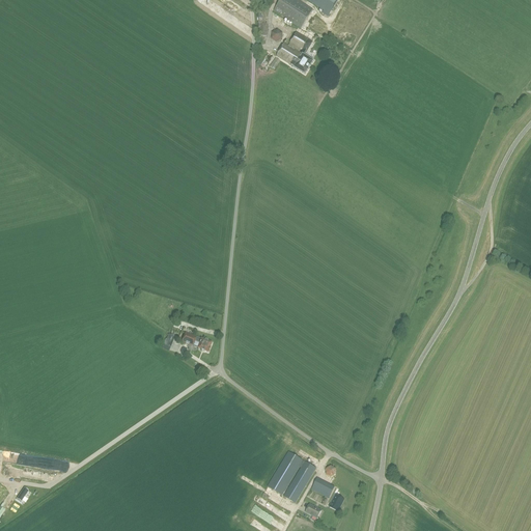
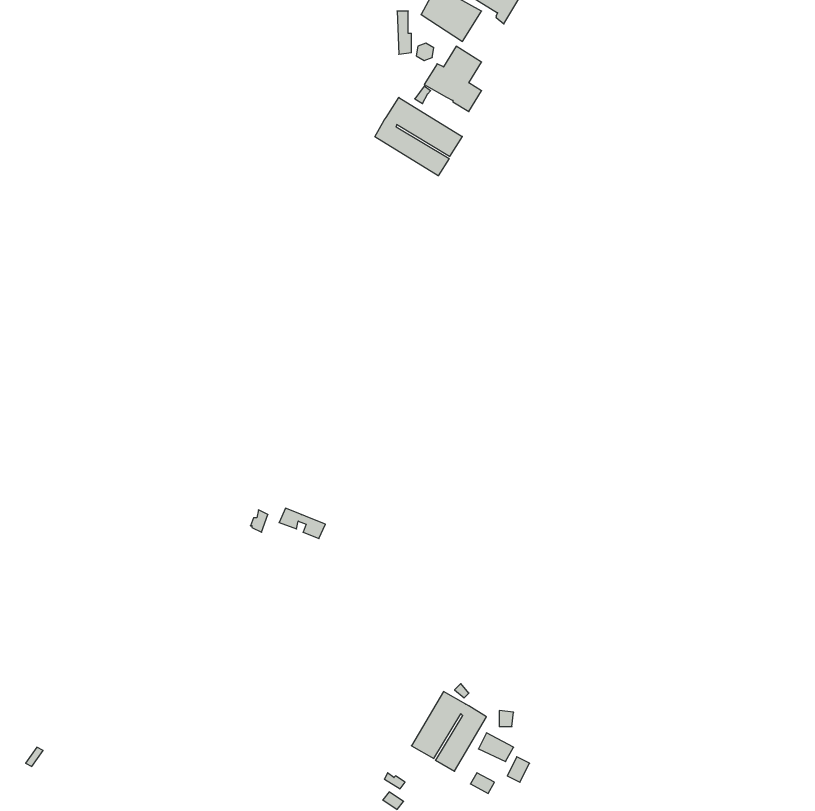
building: none -> [375,97,462,176]

